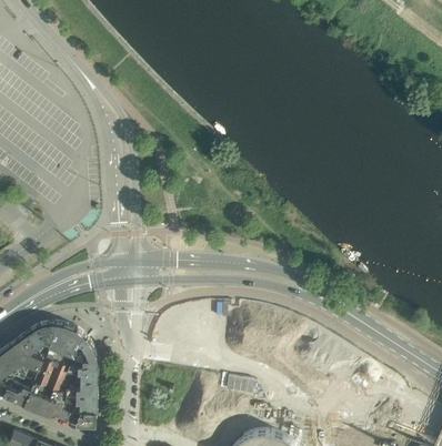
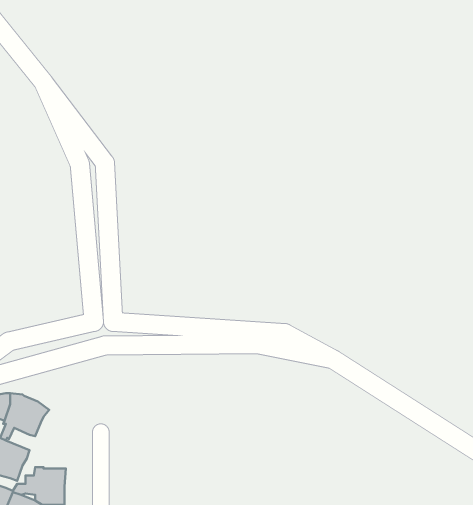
building: [62,338,97,385] -> none

